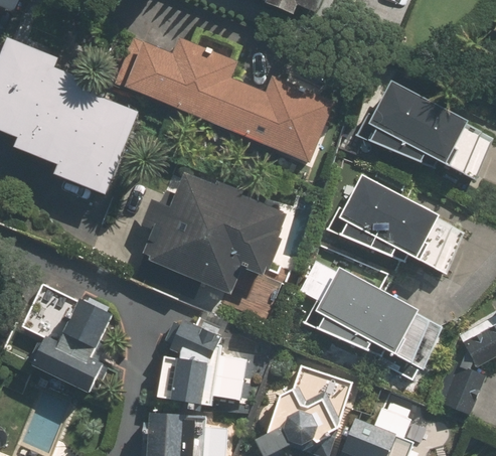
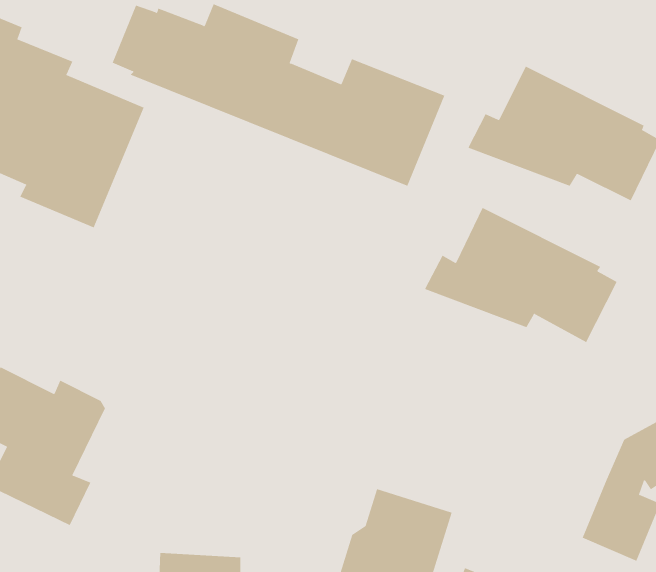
building: [131,169,292,304] -> none
building: [296,254,438,381] -> none
building: [158,317,242,404] -> none

